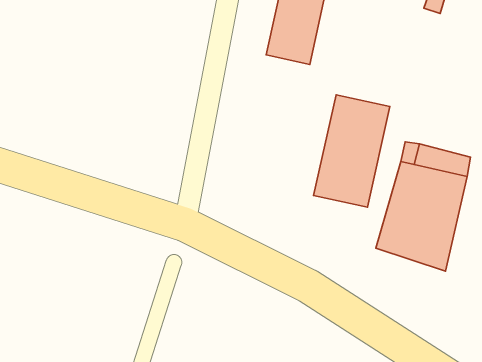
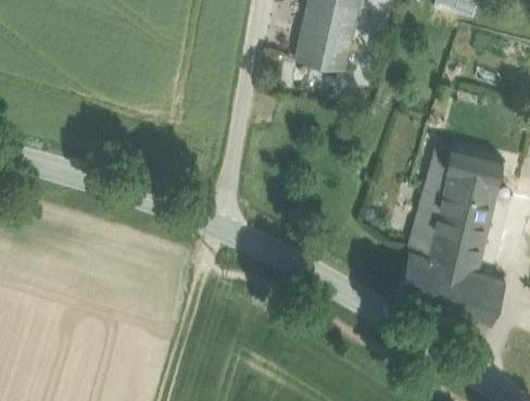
building: [313,95,390,207] -> none
building: none -> [396,253,505,327]

